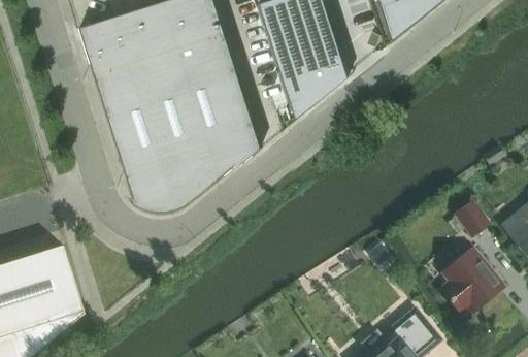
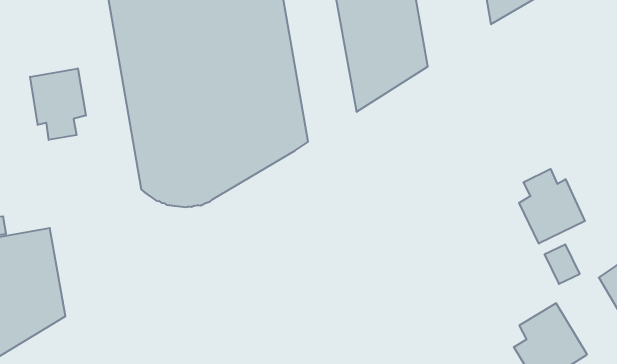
building: none -> [30,68,86,140]
building: none -> [519,169,585,244]

